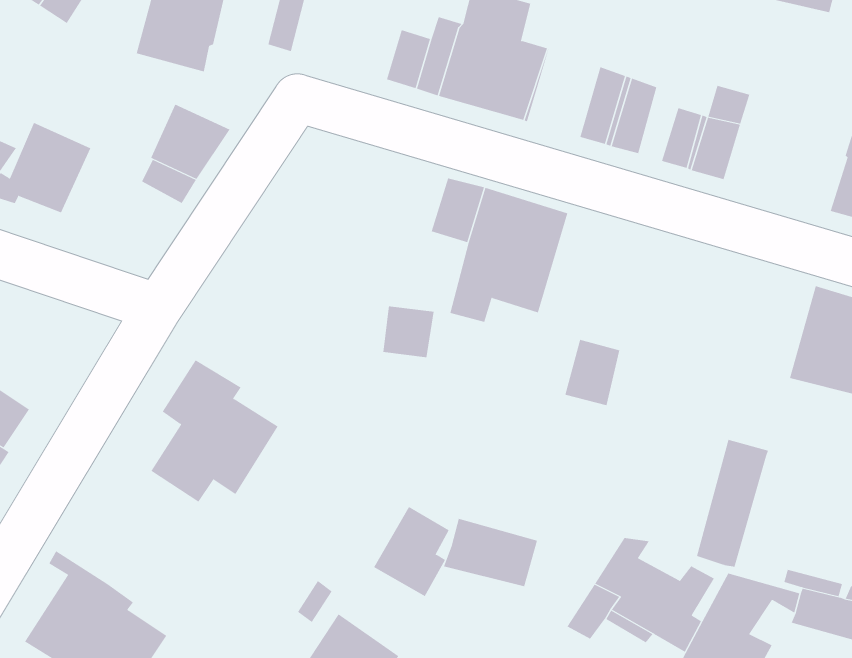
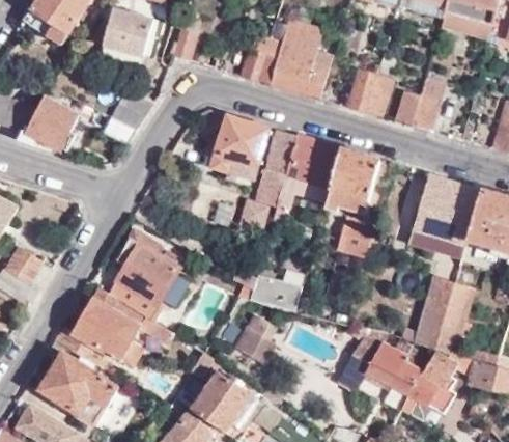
building: none -> [209,114,267,181]
building: none -> [324,149,379,214]
building: none -> [405,175,480,261]
building: none -> [435,285,473,354]
building: none -> [56,288,188,371]
building: [443,518,538,587] -> [249,273,302,311]

